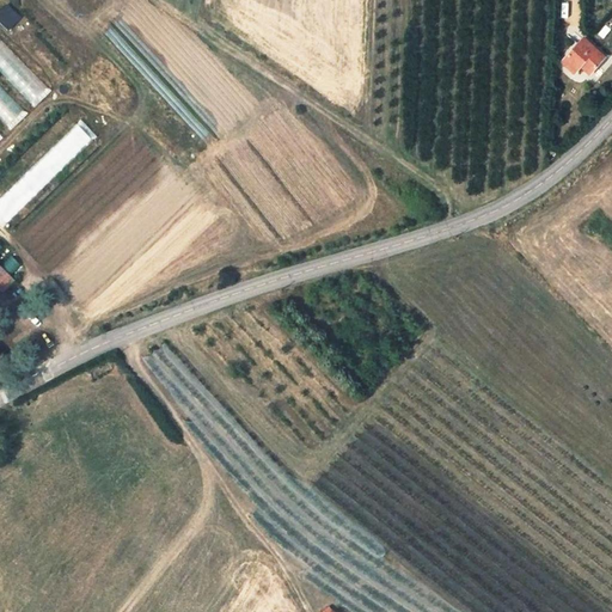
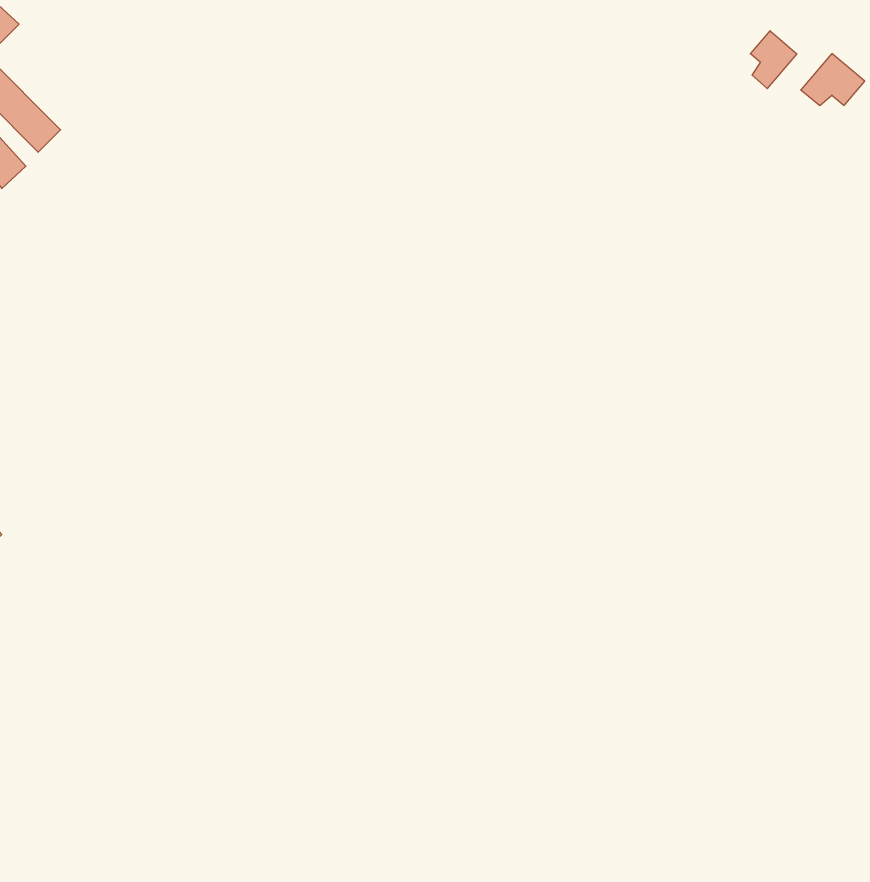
building: none -> [750,31,797,89]

